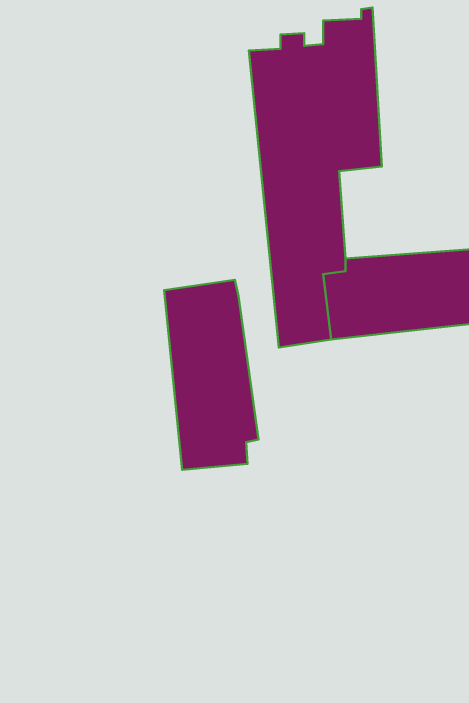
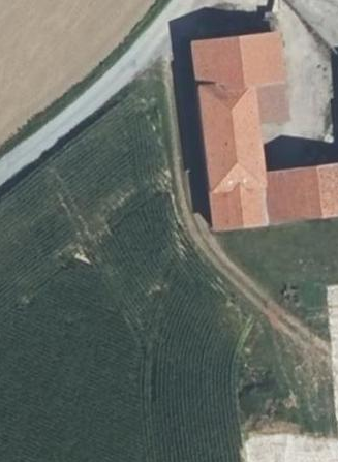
building: [164,280,258,470] -> none

